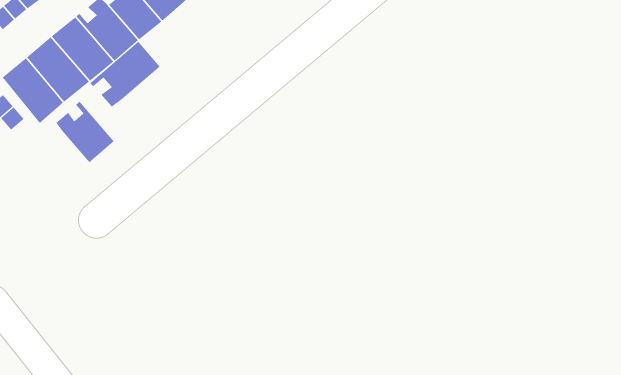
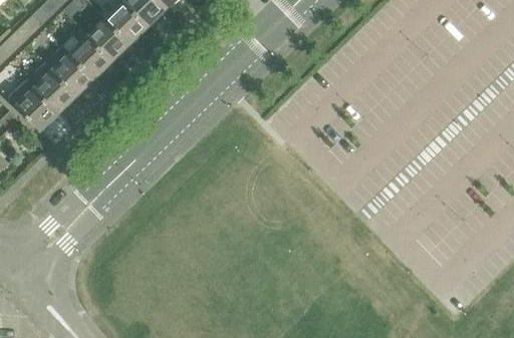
building: [89,41,161,108] -> none
building: [55,101,115,163] -> none

